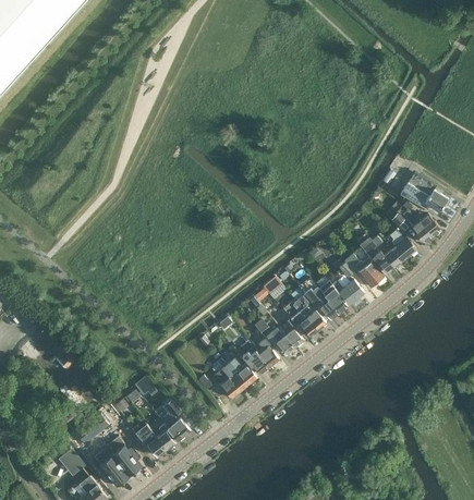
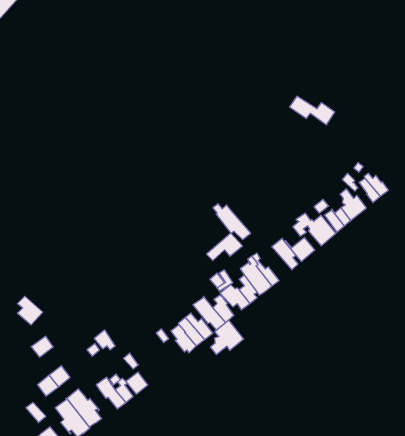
building: [400,182,447,211] -> [290,96,335,125]
building: [300,282,339,319] -> [213,204,251,239]
building: none -> [211,320,244,355]

